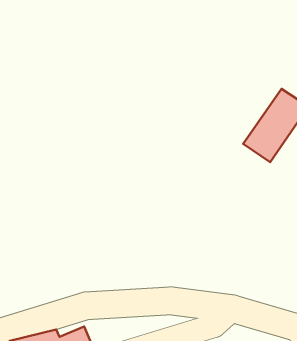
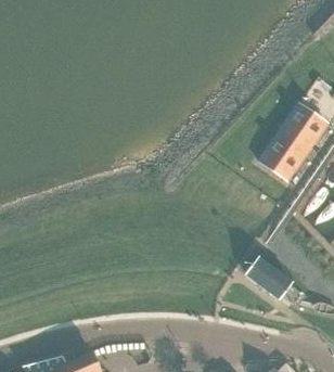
building: none -> [246,257,291,298]

